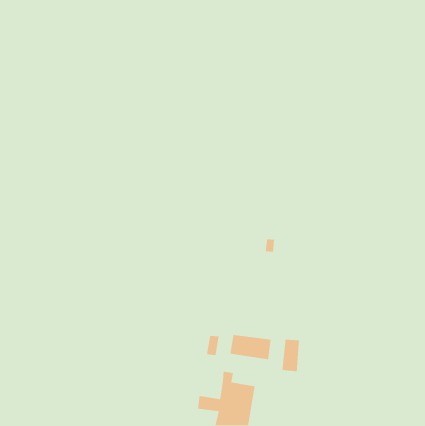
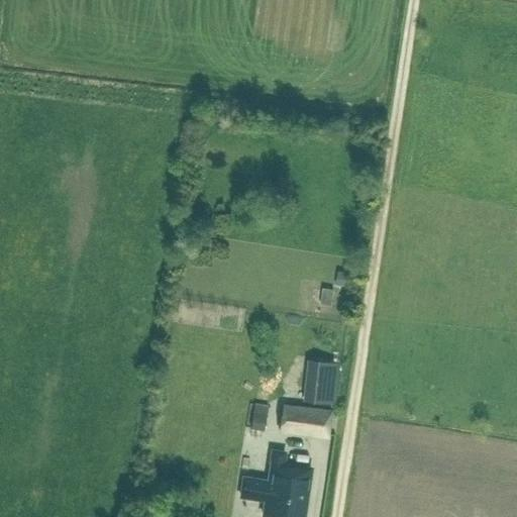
building: [281,339,300,372] -> [315,356,337,397]

